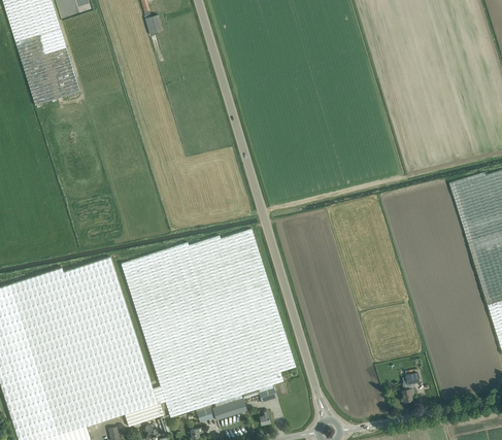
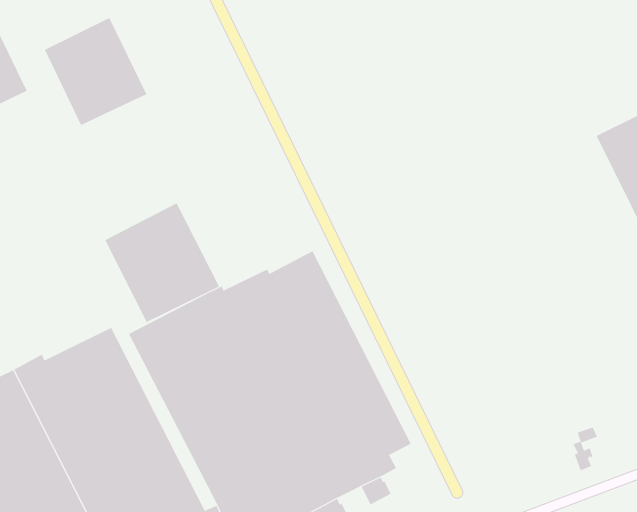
building: none -> [44,17,147,126]
building: none -> [105,203,220,323]

